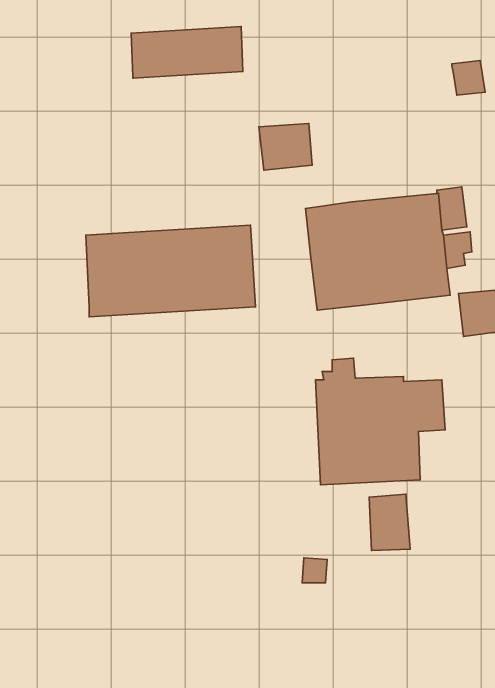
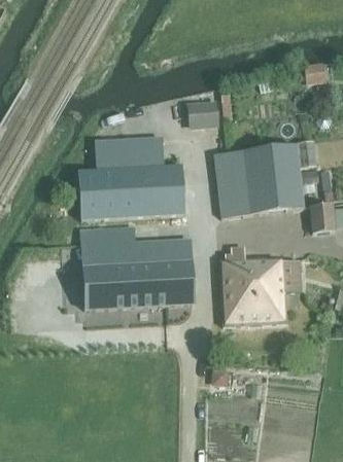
building: [131,27,243,78] -> [94,137,163,169]
building: none -> [82,225,193,309]
building: [369,494,410,550] -> none

